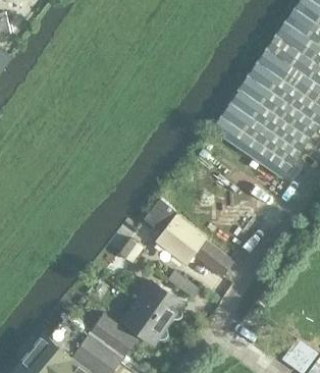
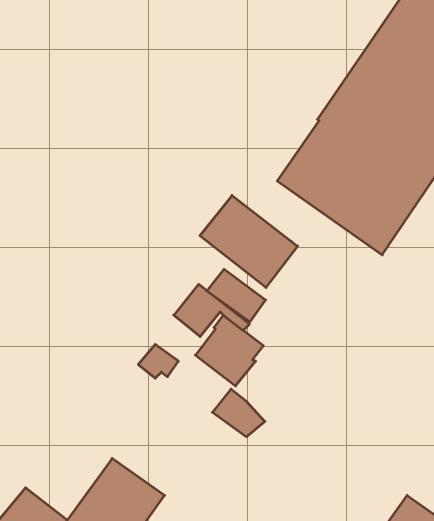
building: none -> [200,195,298,288]
building: [195,242,233,276] -> [207,269,266,322]
building: [123,283,182,342] -> none

